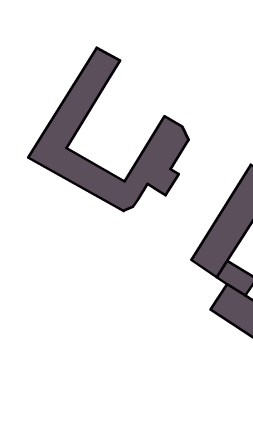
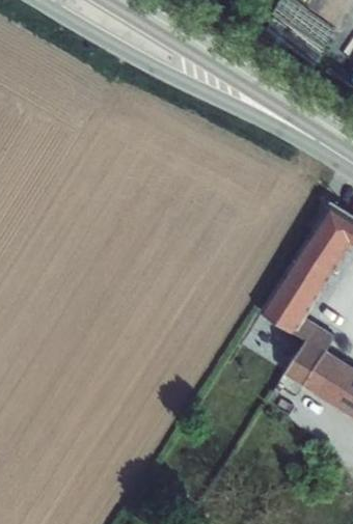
building: [28,48,189,211] -> none

